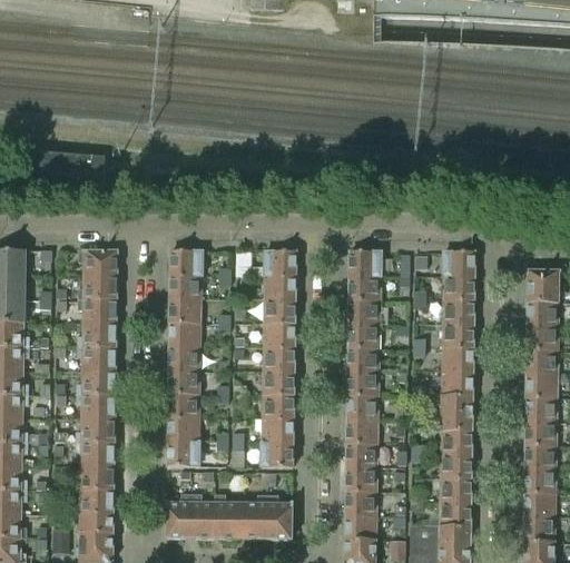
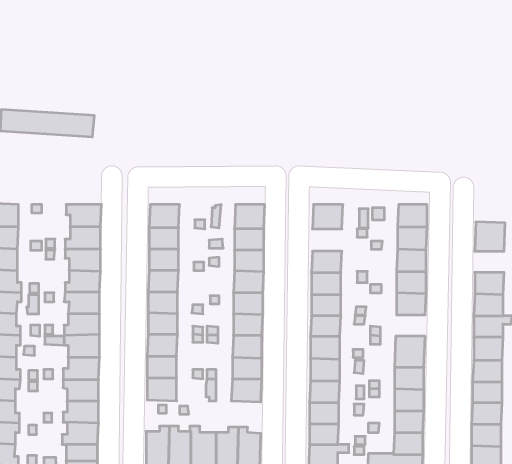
building: [348,278,381,303] -> none
building: [527,303,559,326] -> none
building: [440,373,472,396] -> none

